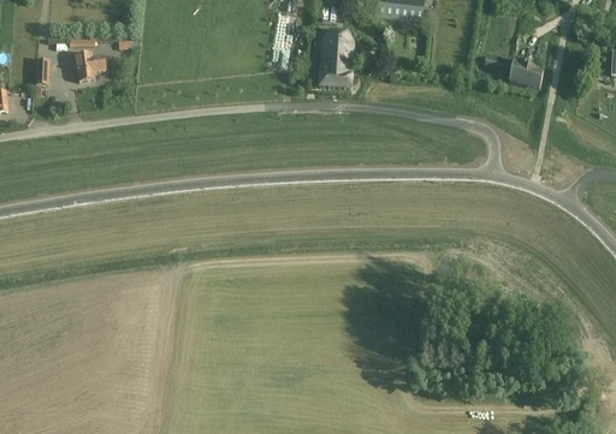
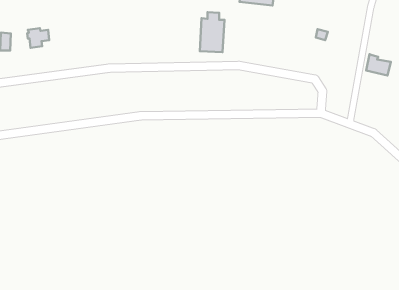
building: [509,57,544,87] -> [366,54,391,76]

